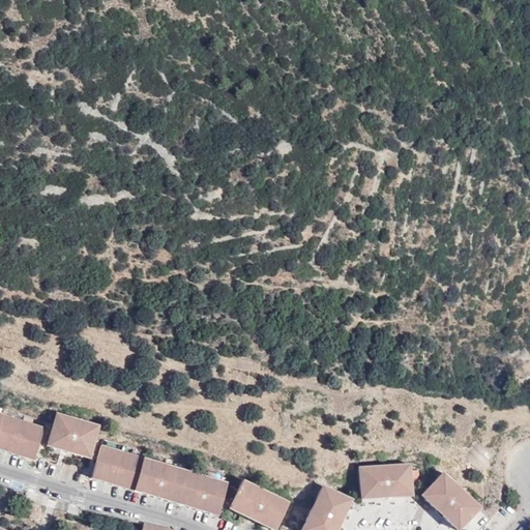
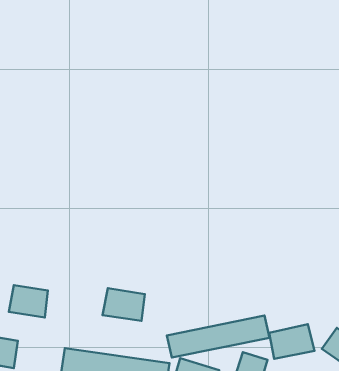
building: none -> [102,288,145,321]
building: [49,411,101,458] -> [9,285,48,318]
building: none -> [167,316,269,358]

